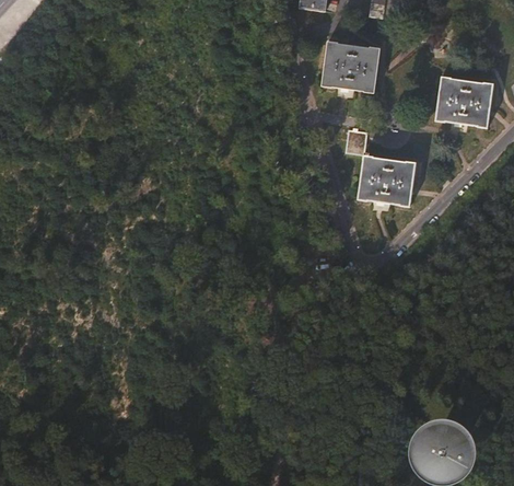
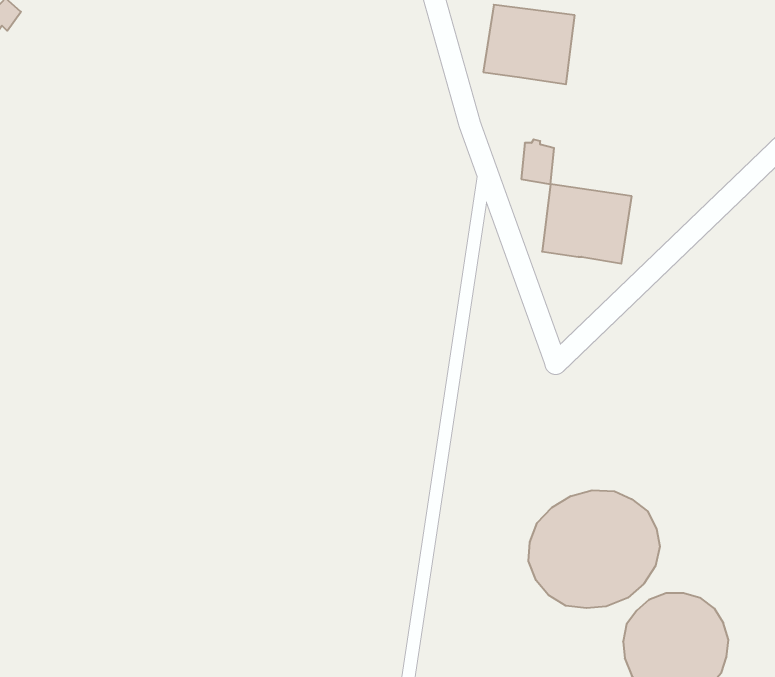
building: [435,78,493,127] -> none
building: none -> [528,490,660,608]

